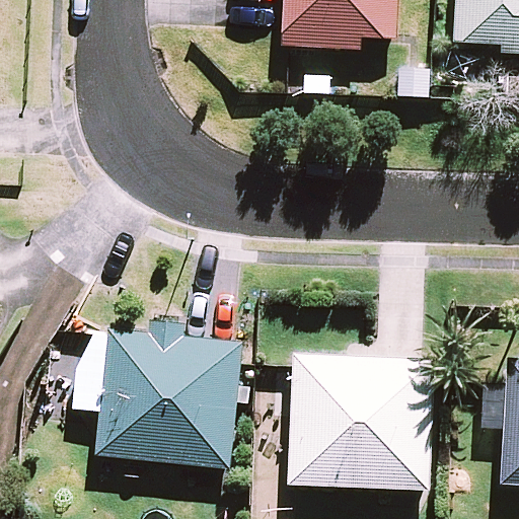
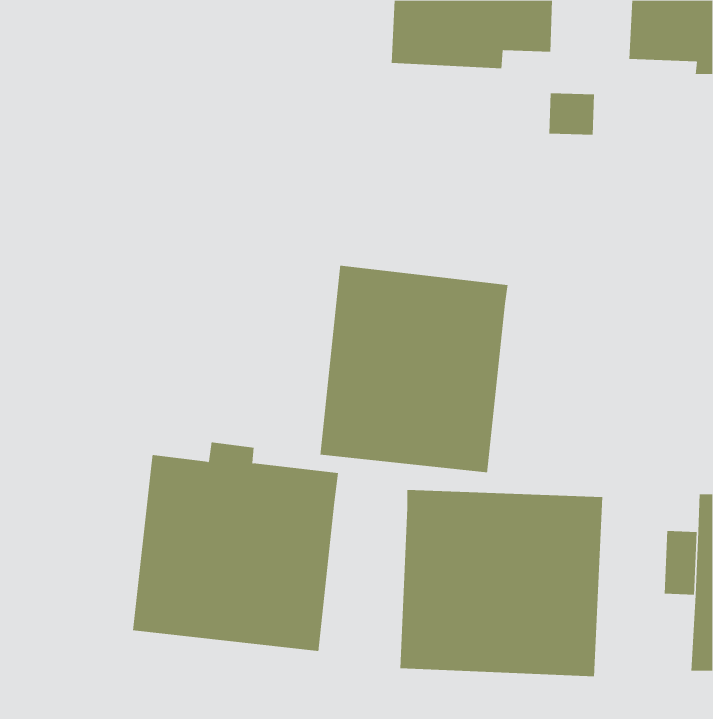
building: none -> [320,265,508,473]

